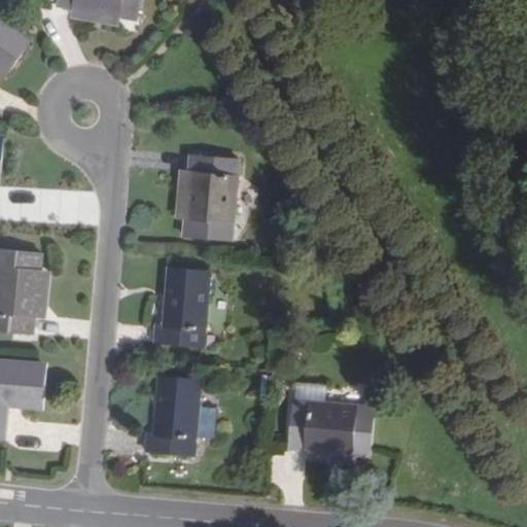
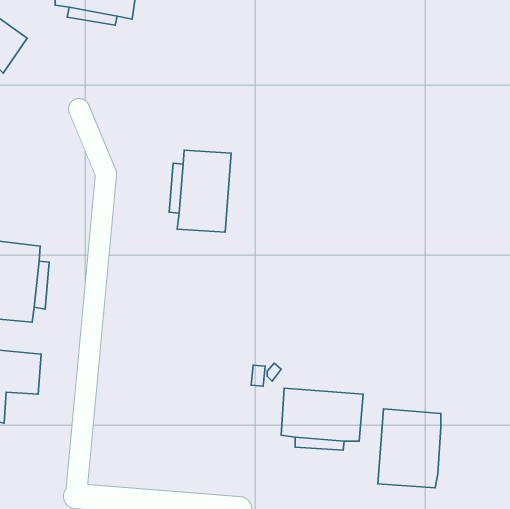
building: [154,268,210,345] -> none
building: [145,376,201,453] -> none
building: none -> [378,409,441,488]

